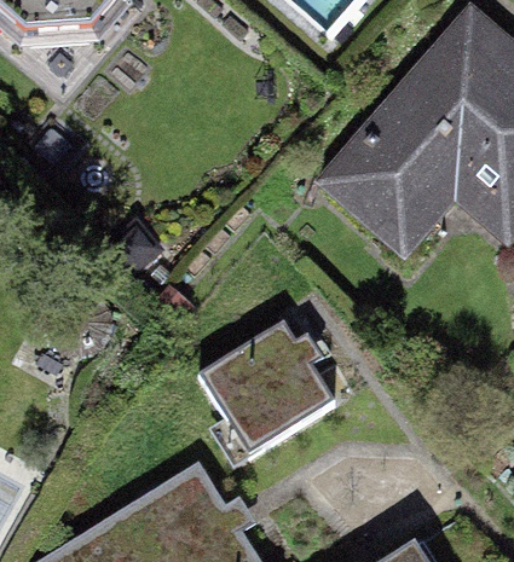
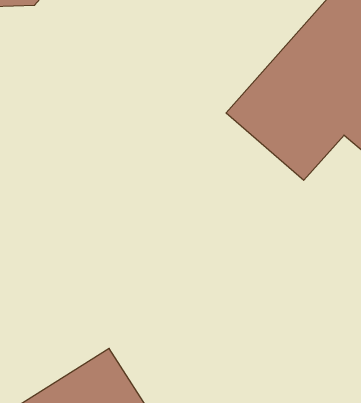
building: [196,317,331,452] -> none

